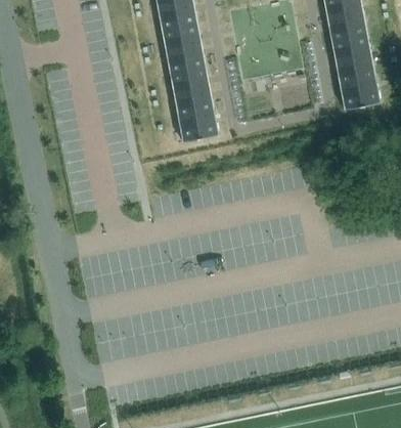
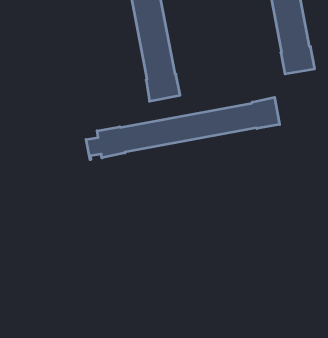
building: none -> [86,97,280,160]

